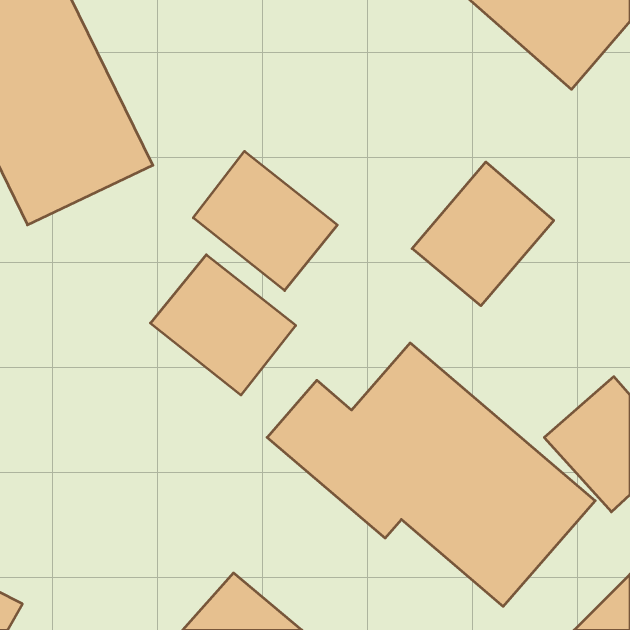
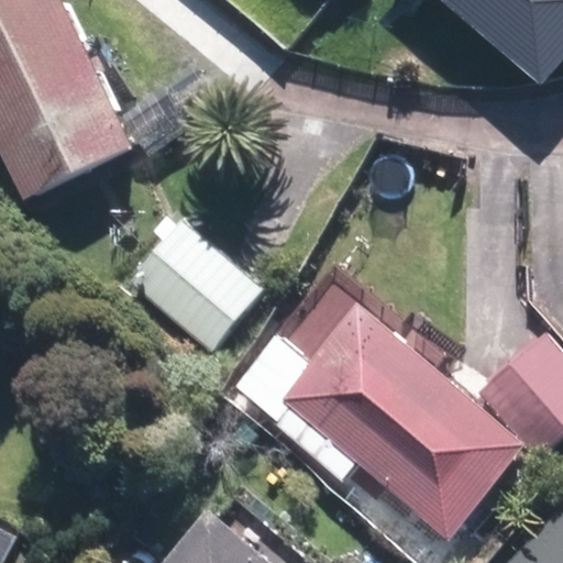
building: [193,151,337,291] -> none
building: [412,162,554,306] -> none

